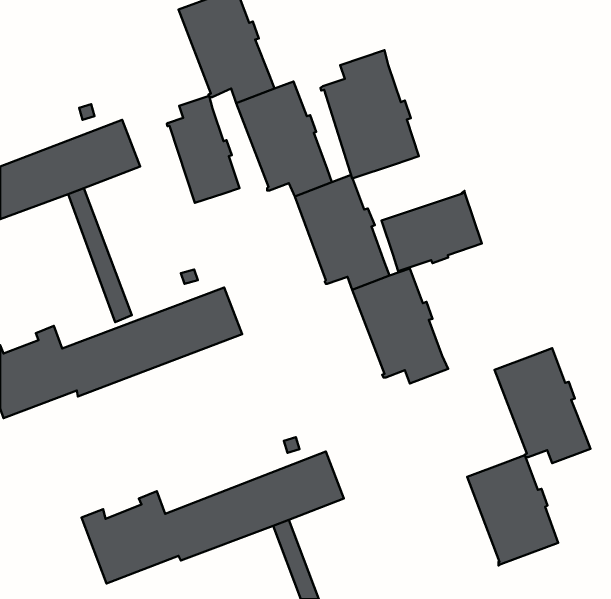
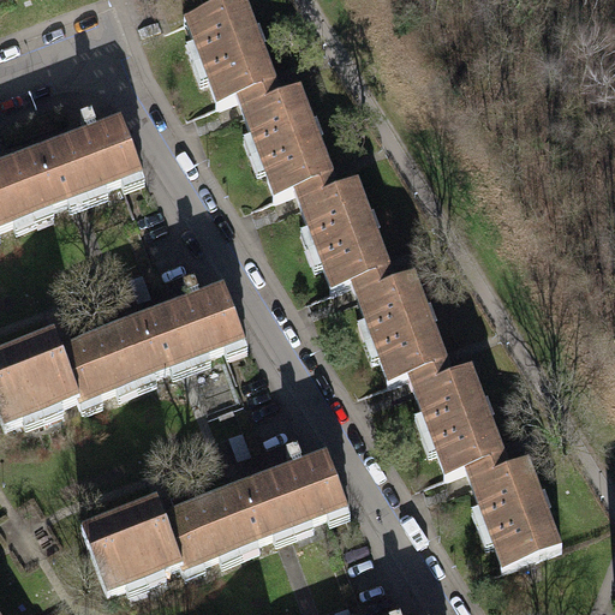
building: [321,50,419,178] -> none
building: [167,96,240,203] -> none
building: [381,191,482,271] -> none
building: [495,348,590,463] -> [412,363,508,478]

